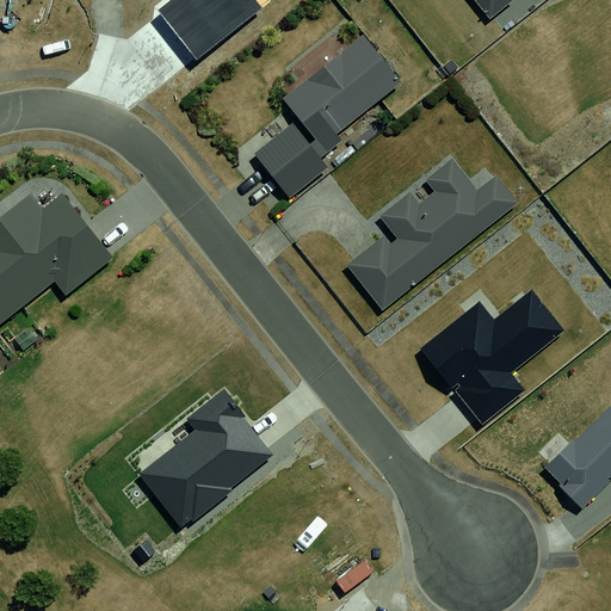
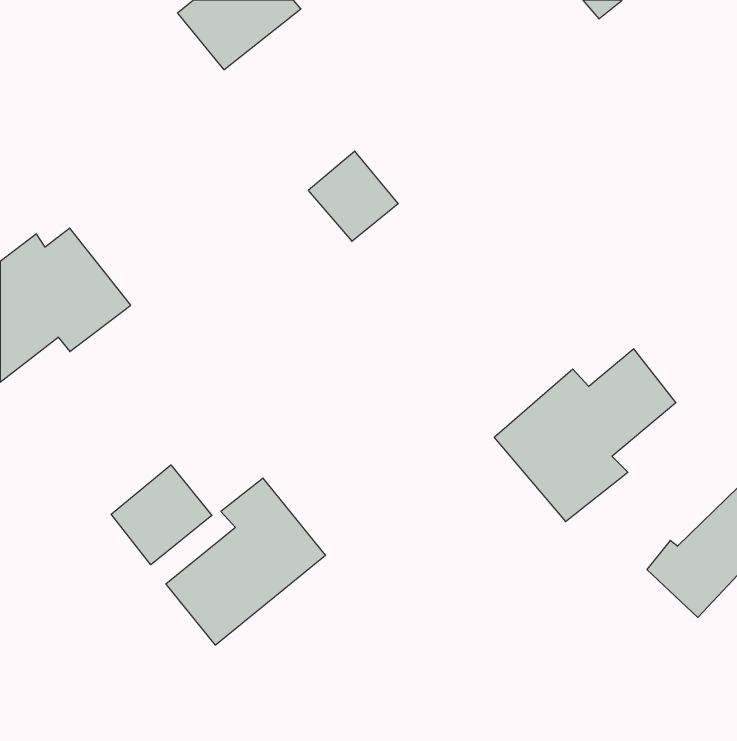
building: [279,27,403,144] -> none
building: [344,162,518,309] -> none
building: none -> [111,465,212,565]

